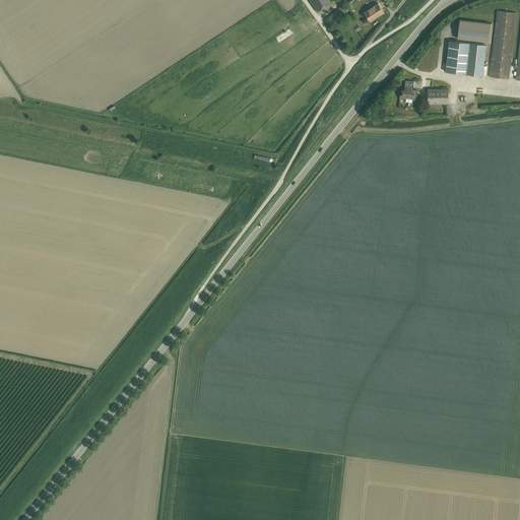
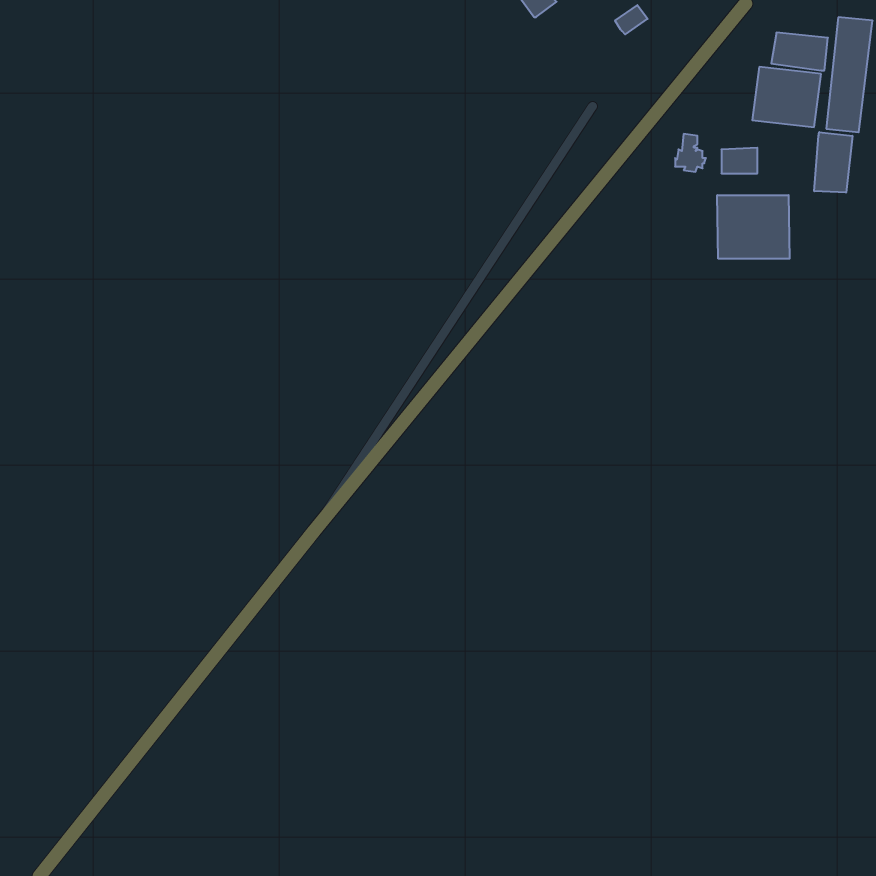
building: none -> [814,132,852,193]
building: none -> [717,195,790,259]

